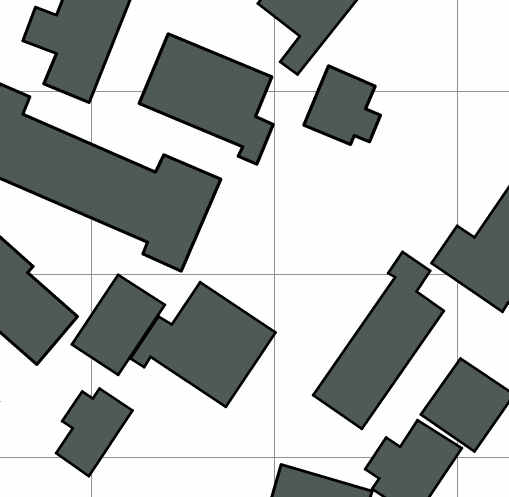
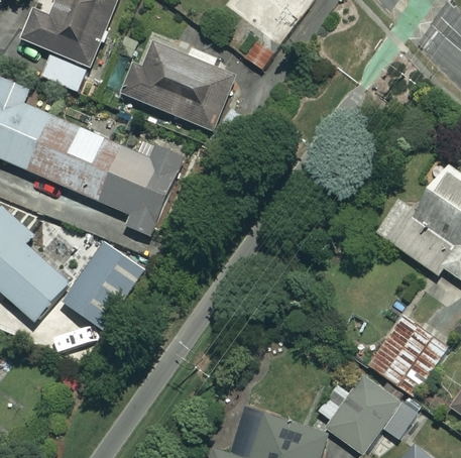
building: [304,66,380,144] -> none
building: [313,252,444,429] -> none
building: [130,282,275,407] -> none
building: [56,389,133,476] -> none

